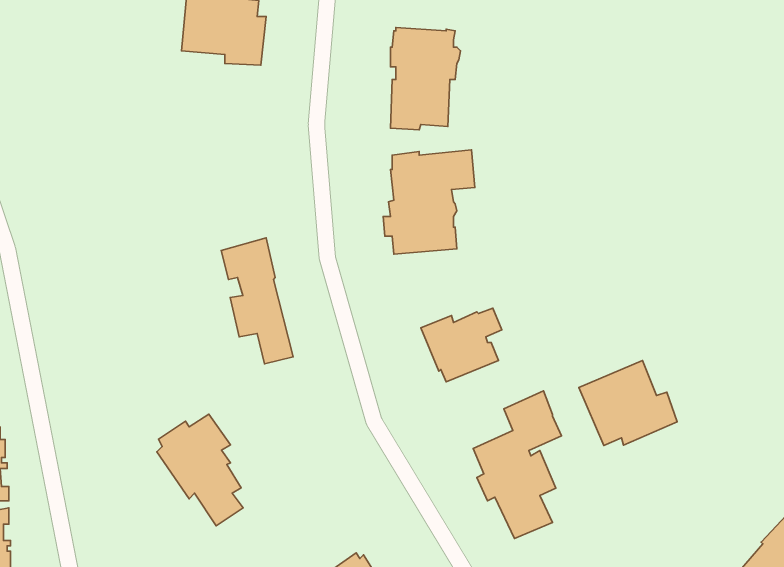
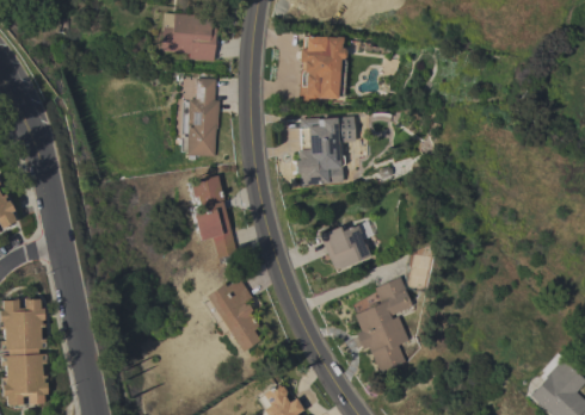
building: none -> [181,78,220,155]
building: [579,361,677,446] -> none
building: [157,414,243,526] -> [203,278,260,352]

